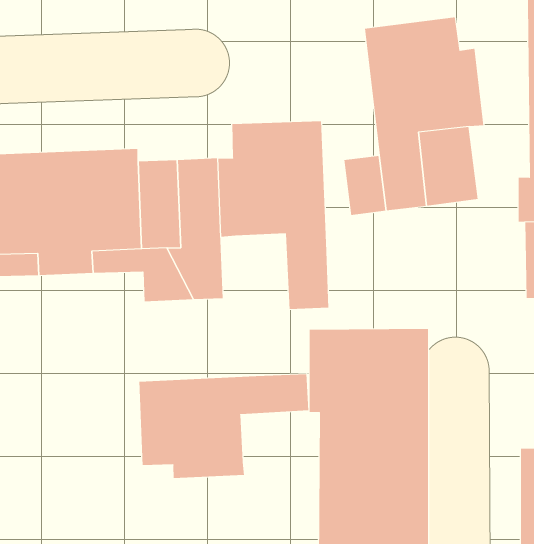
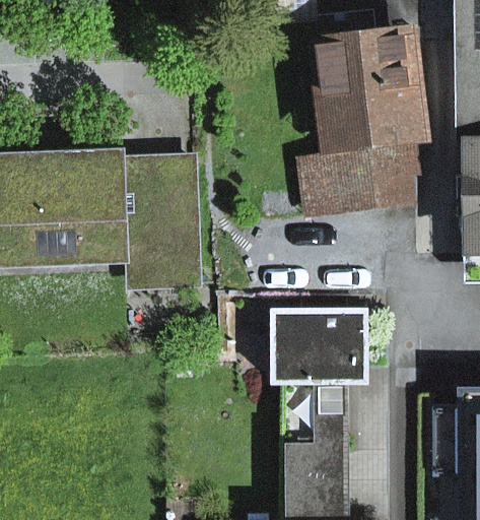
building: [218,120,329,310] -> none
building: [139,373,309,479] -> none

